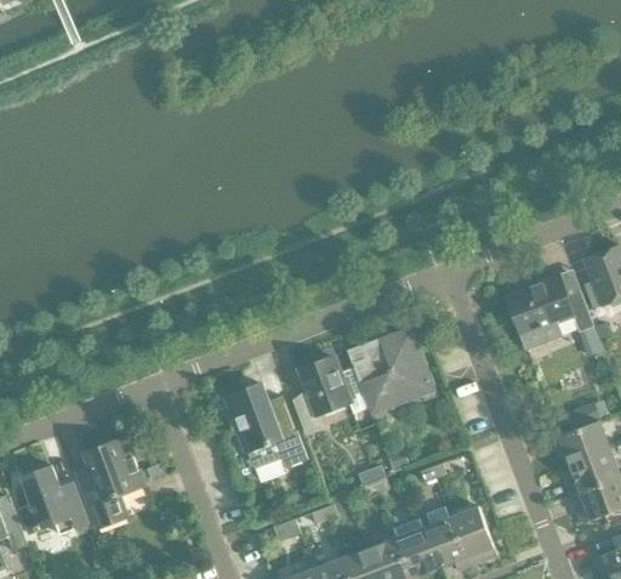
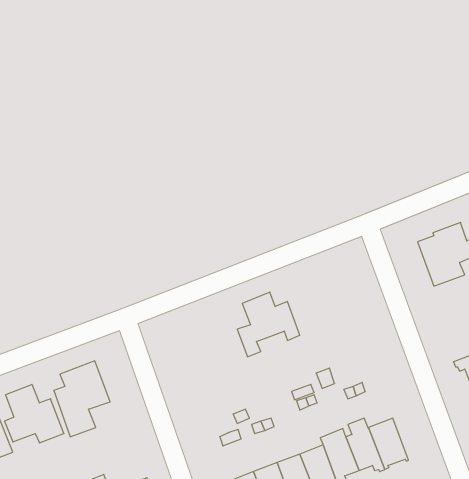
building: [352,327,434,418] -> none
building: [224,384,306,469] -> none

